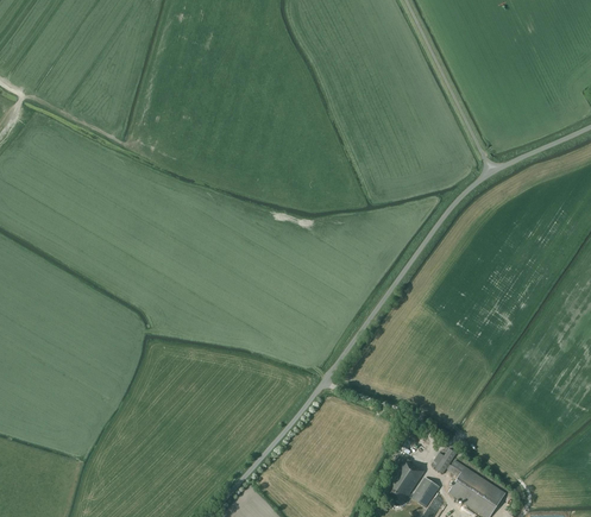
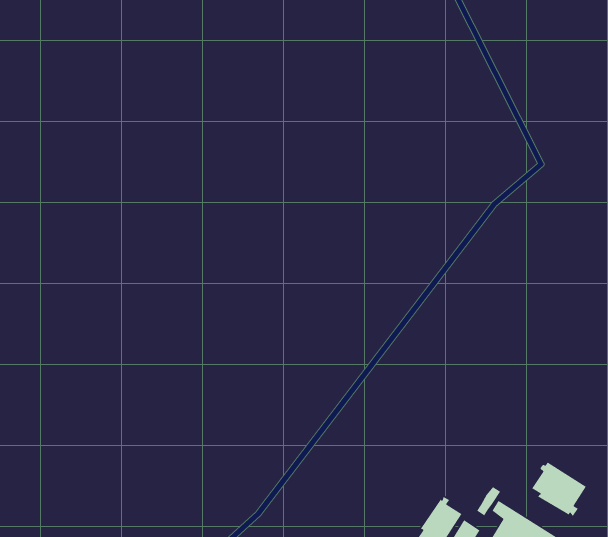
building: none -> [531,462,587,517]

